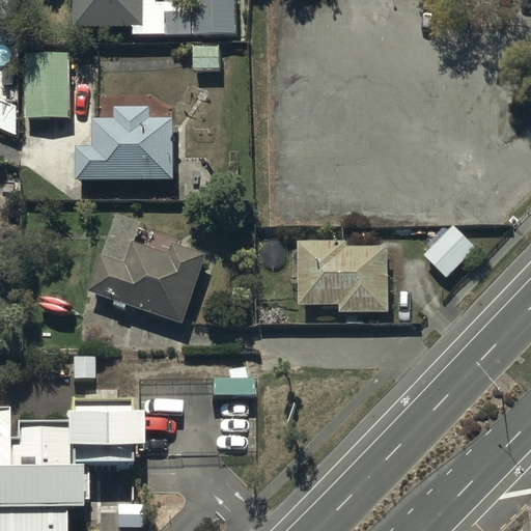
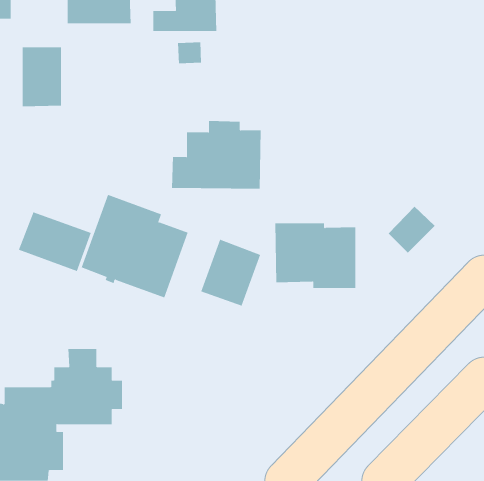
building: [75,107,173,181] -> [171,120,262,189]
building: none -> [18,211,92,272]
building: none -> [201,239,261,307]

